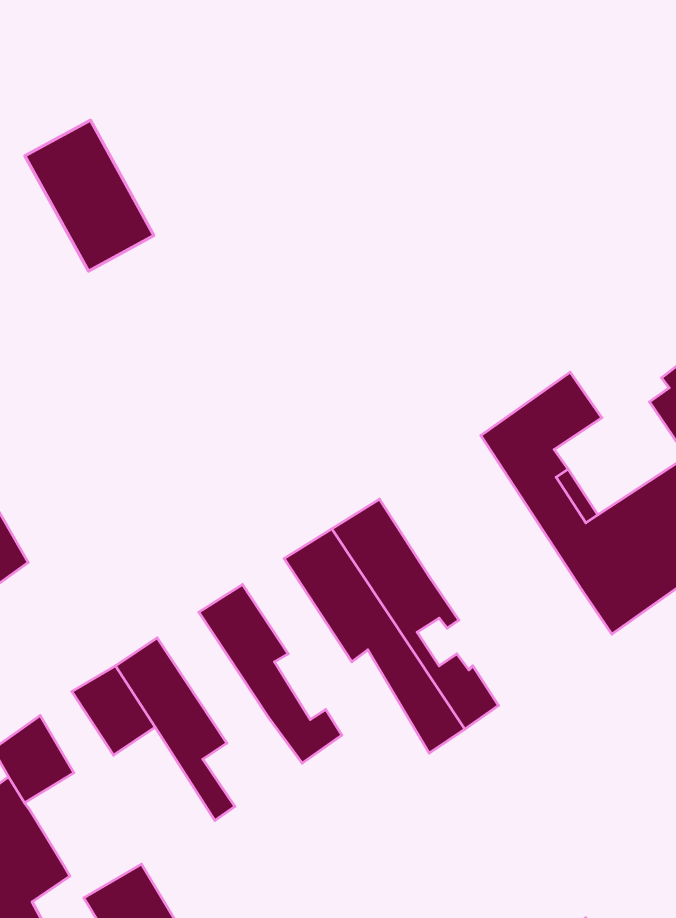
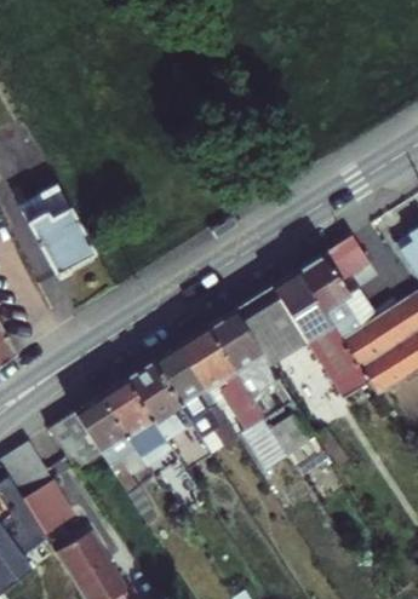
building: [25,120,154,271] -> [18,185,97,277]
building: none -> [234,275,357,384]
building: none -> [150,350,235,444]
building: none -> [98,382,166,462]
building: none -> [21,486,69,537]

